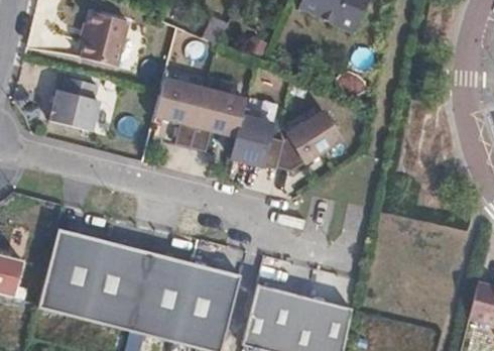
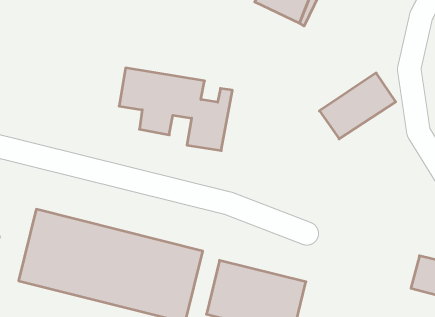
building: [81,10,127,65] -> none
building: [46,75,98,130] -> none
building: [258,106,341,178] -> [319,73,396,139]

